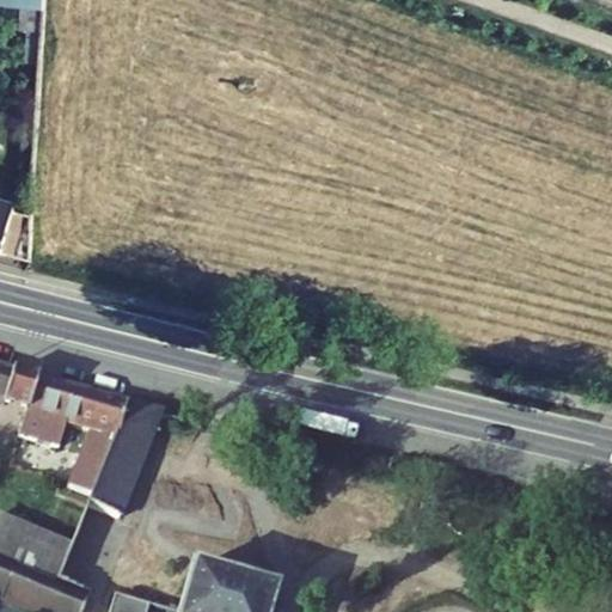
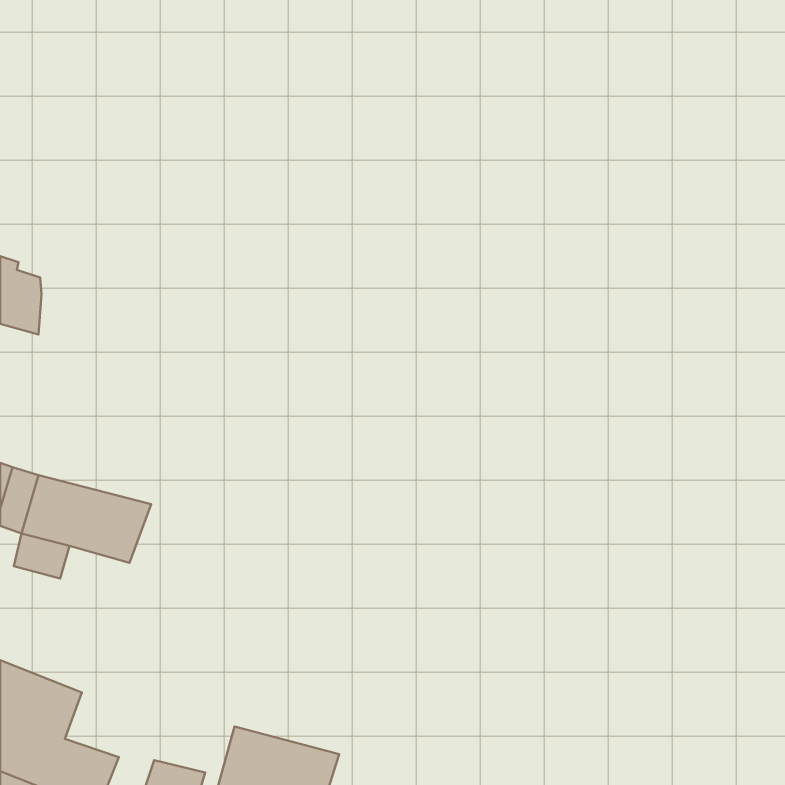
building: [79,393,159,518] -> none

